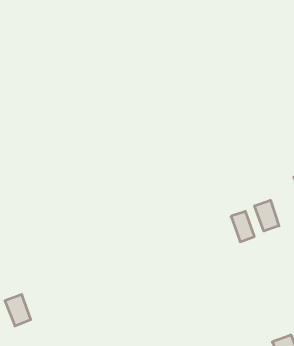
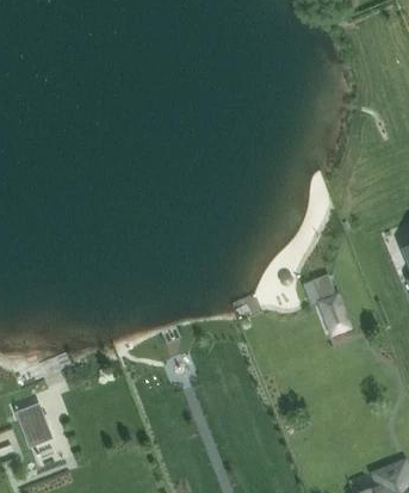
building: [255,200,279,231] -> none

